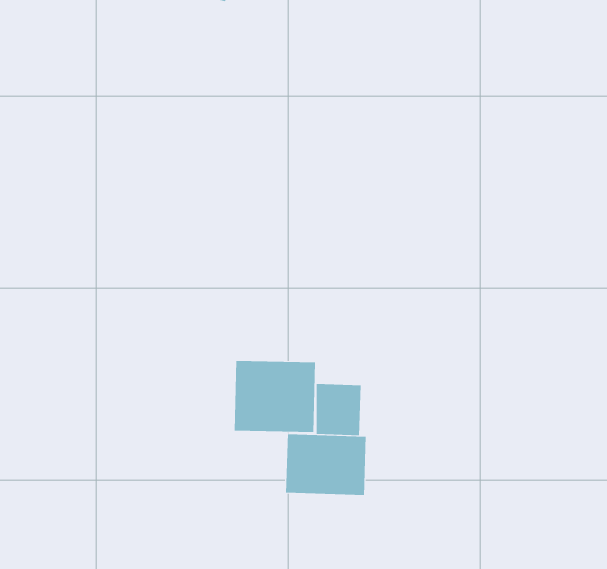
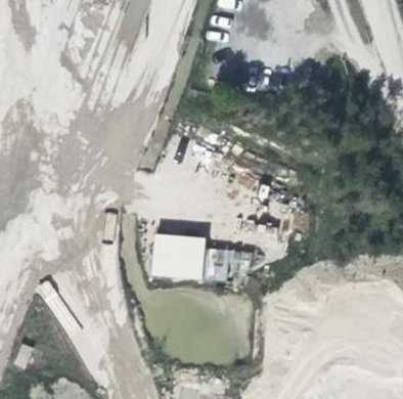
building: [286,433,366,496] -> none

